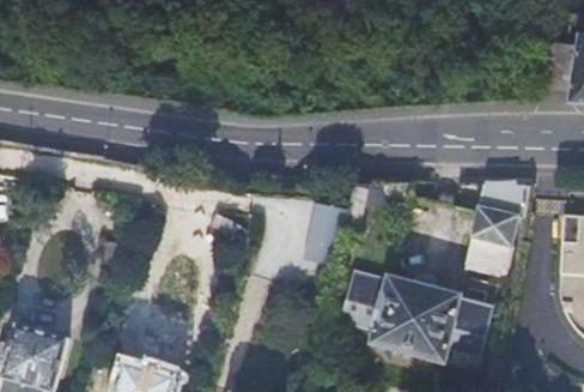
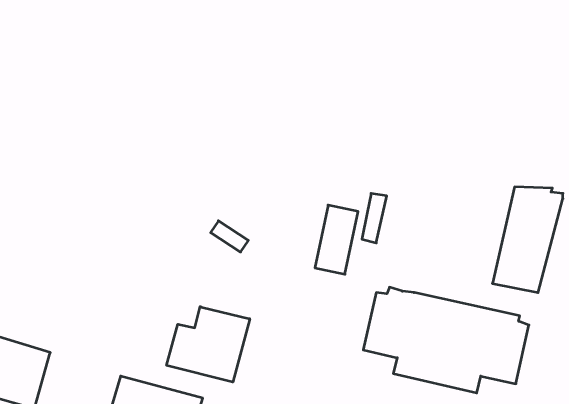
building: none -> [167,307,250,382]

